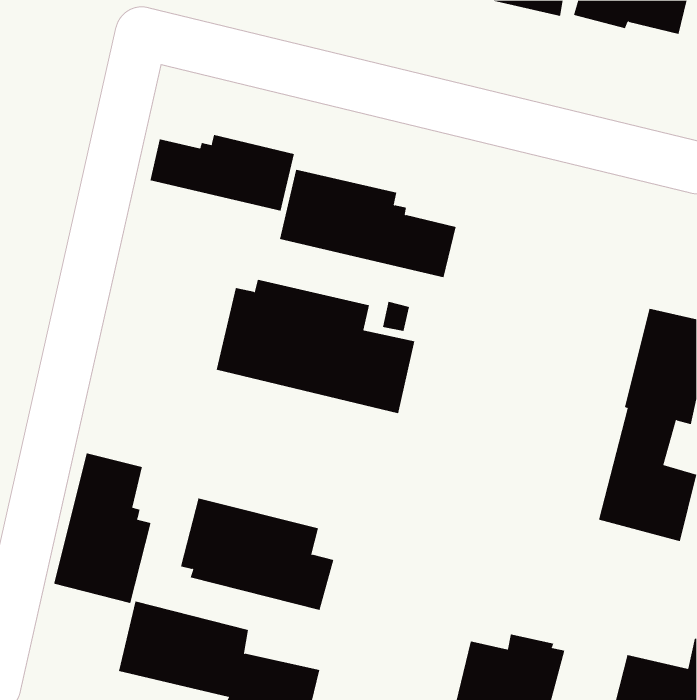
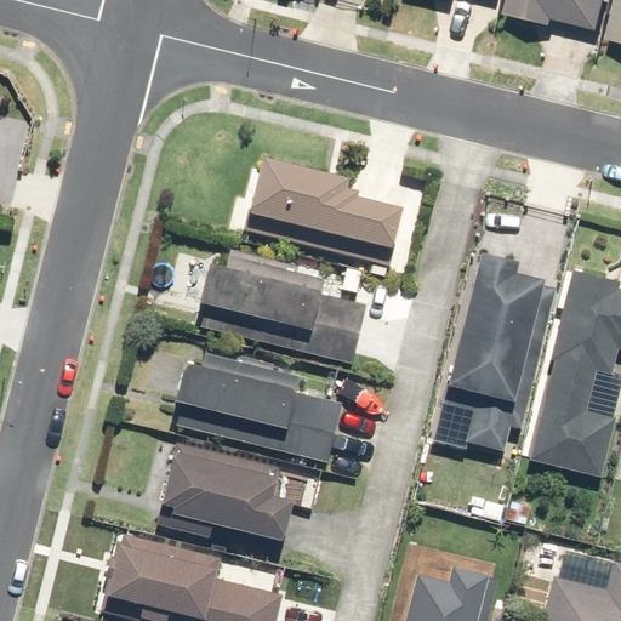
building: [150,134,294,211] -> none
building: none -> [445,253,556,454]
building: none -> [166,347,342,465]
building: [53,453,151,604] -> none

